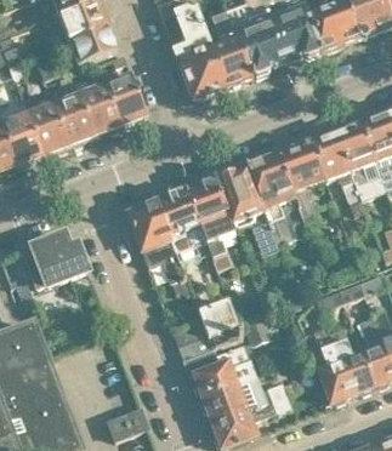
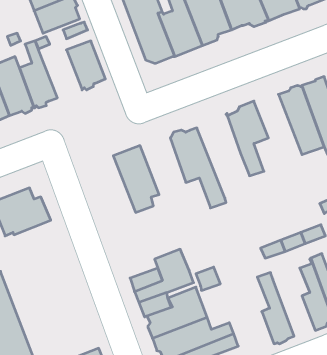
building: [79,82,121,135] -> none
building: [308,131,365,213] -> none
building: [245,154,294,244] -> none
building: [184,175,234,269] -> none
building: [126,198,192,293] -> none
building: [329,327,375,394] -> none

